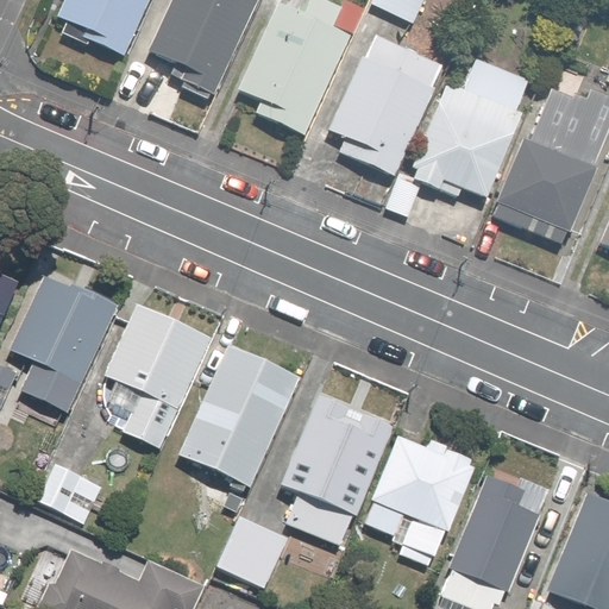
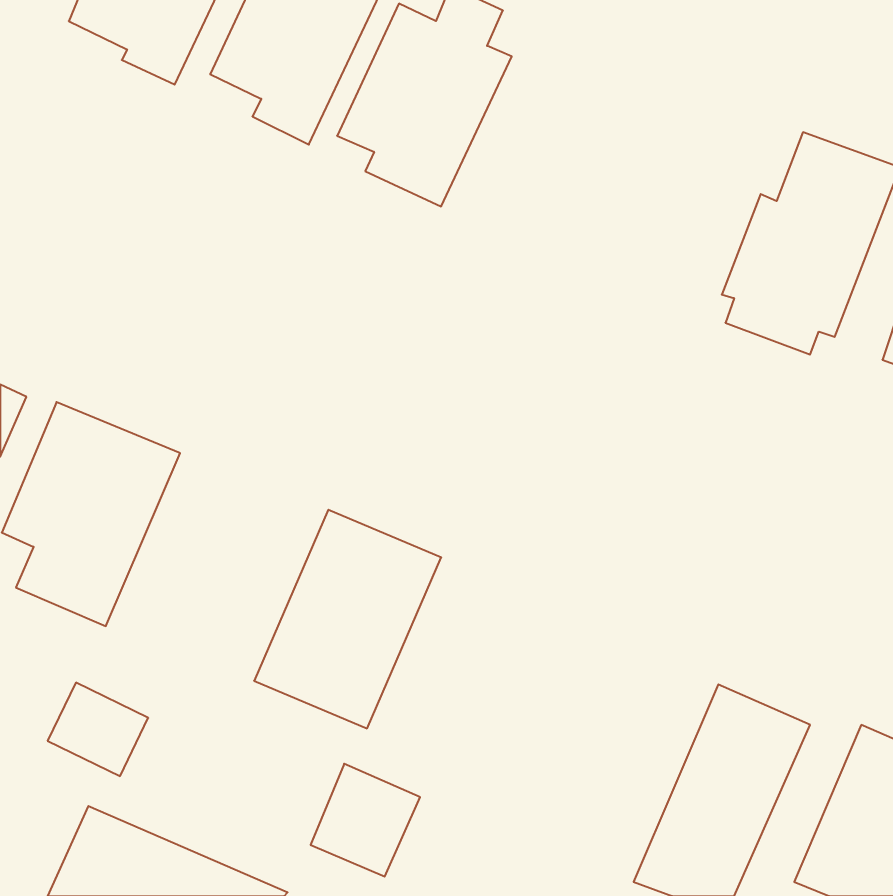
building: [325,55,434,178] -> none
building: [410,57,532,197] -> none
building: [101,299,218,454] -> none
building: [277,403,390,548] -> none
building: [354,438,482,569] -> none

